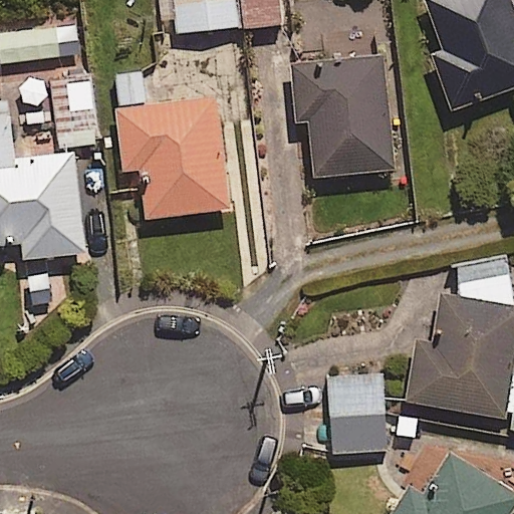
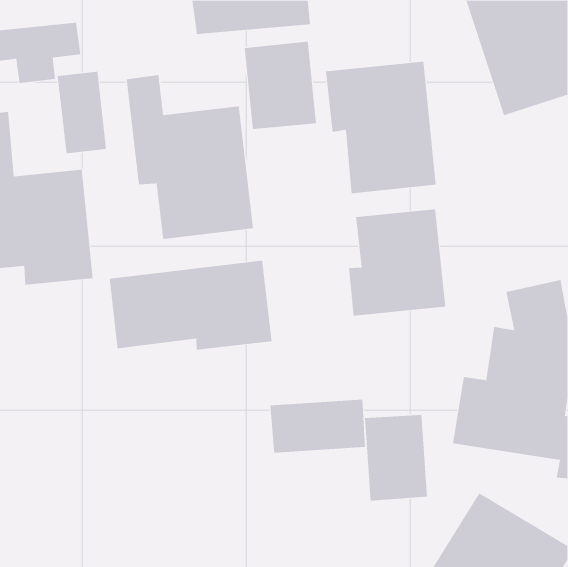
building: none -> [244,41,316,130]
building: none -> [349,209,446,316]
building: none -> [109,260,272,350]
building: none -> [270,399,365,454]

